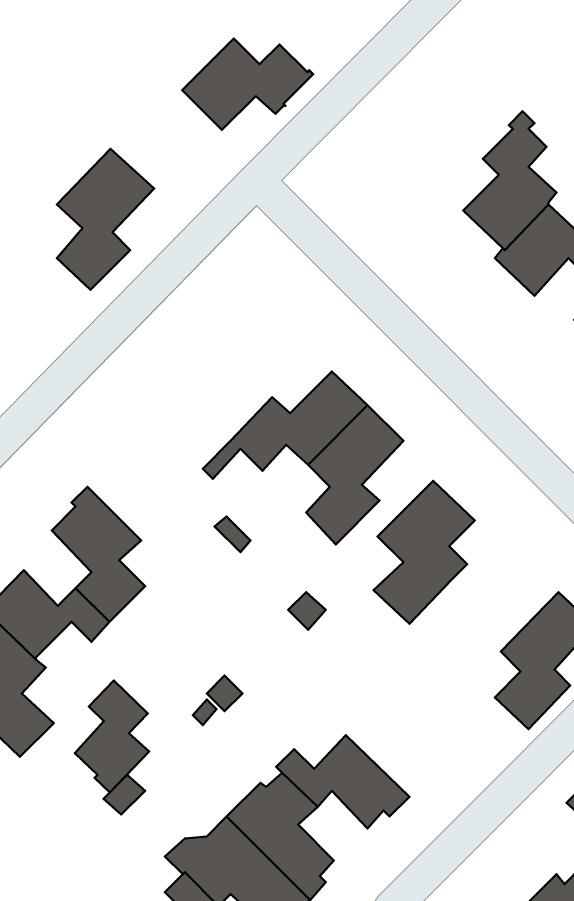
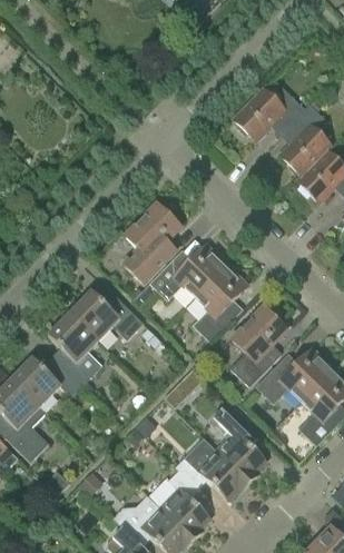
building: [182,38,313,130] -> [234,89,307,140]
building: [57,149,154,290] -> [125,204,179,283]
building: none -> [69,290,144,339]
building: none -> [255,347,333,404]
building: none -> [210,404,265,483]
building: [75,681,149,792] -> none

